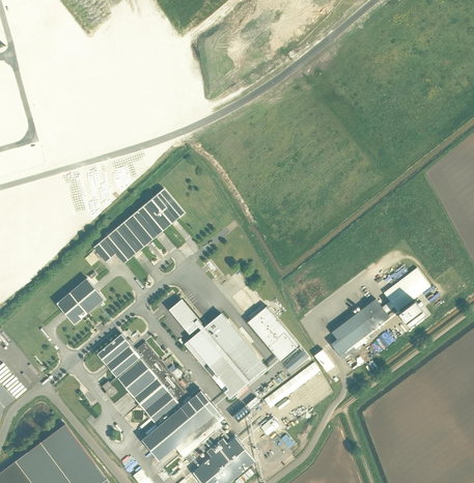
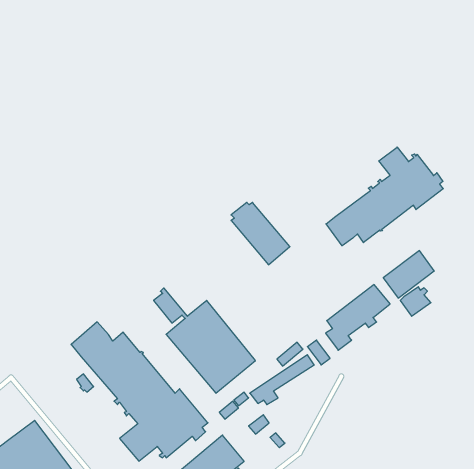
building: none -> [326,147,443,246]
building: [93,189,184,263] -> none
building: [56,278,104,324] -> none
building: [247,306,301,363] -> [231,202,290,265]

